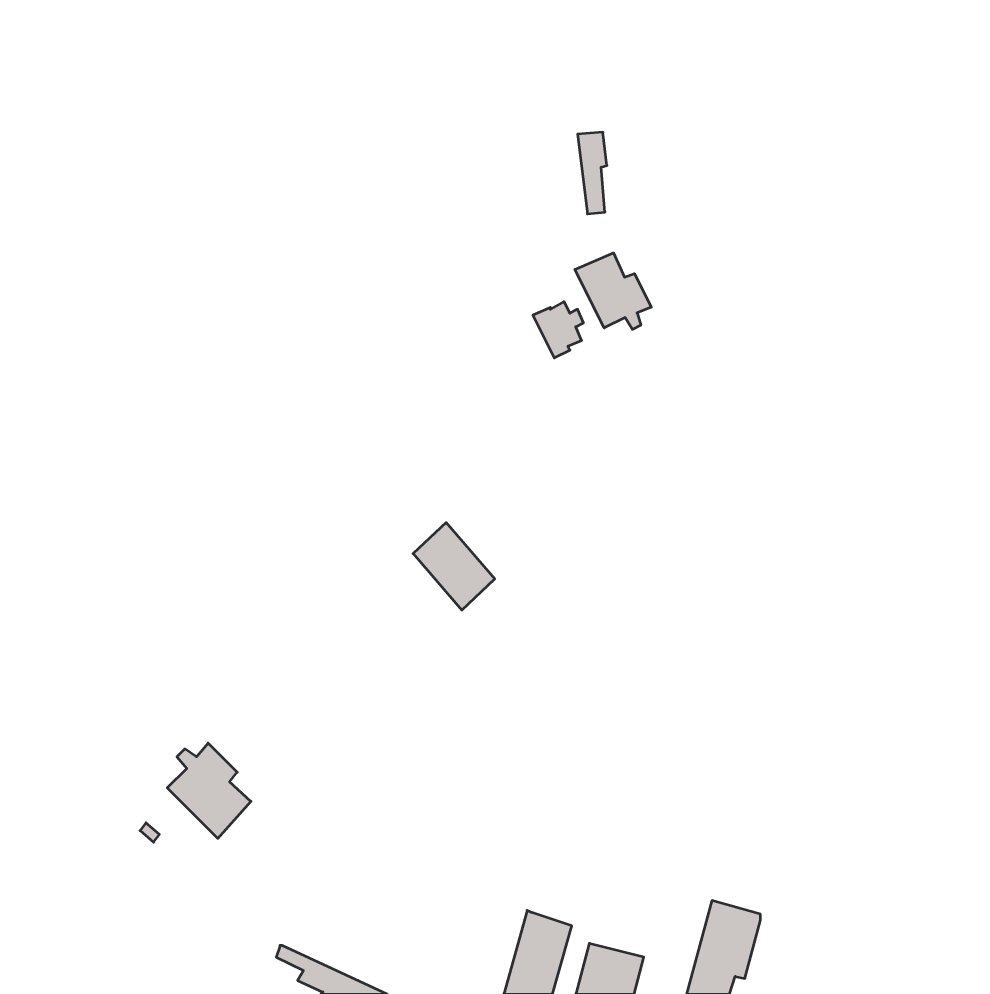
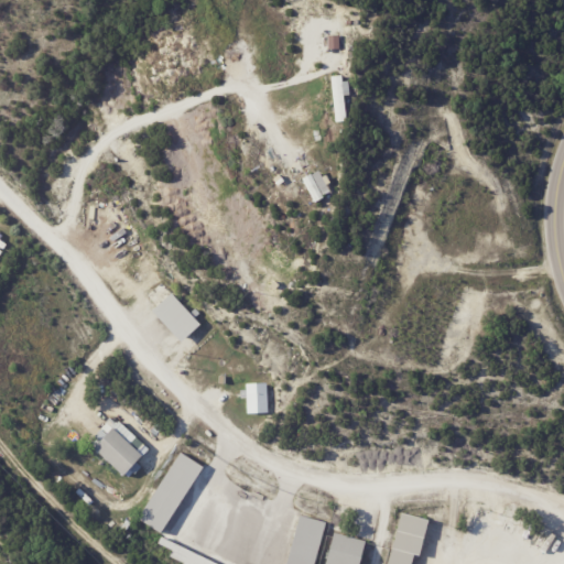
building: [575,253,651,329] -> none
building: [413,523,495,610] -> [155,293,202,343]
building: none -> [240,384,267,413]
building: none -> [138,454,202,533]

